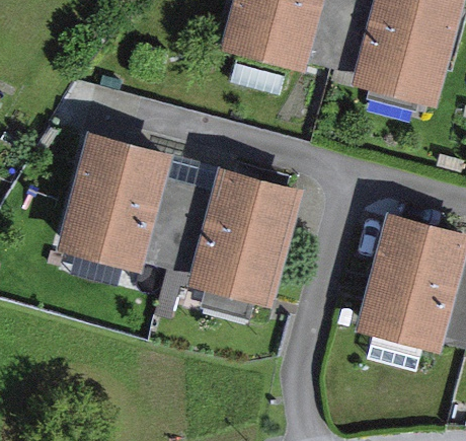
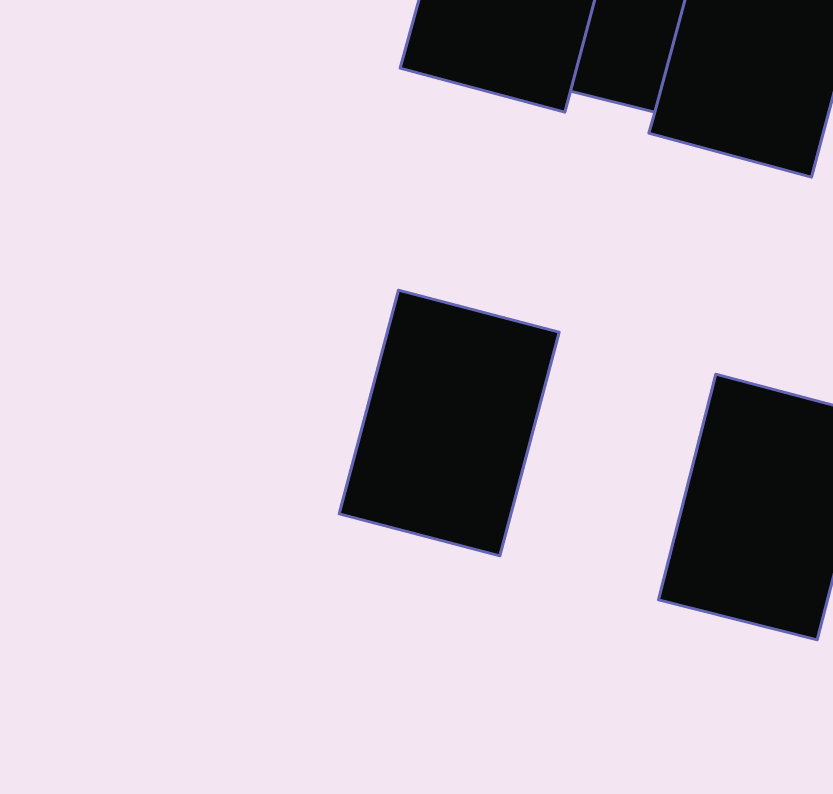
building: [55,133,172,275] -> none

